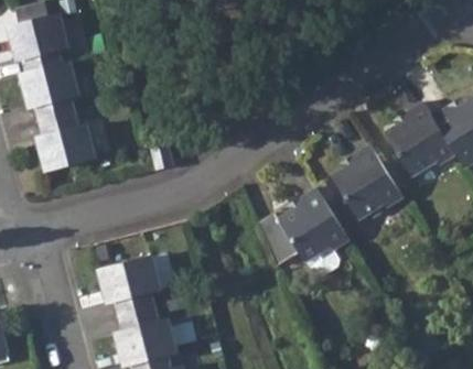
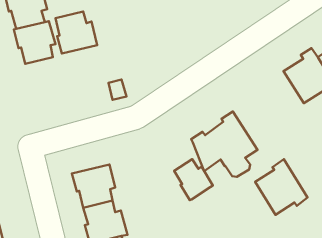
building: [36,113,93,170] -> [55,12,97,53]
building: [332,144,402,219] -> [255,159,308,215]
building: none -> [174,159,213,200]

